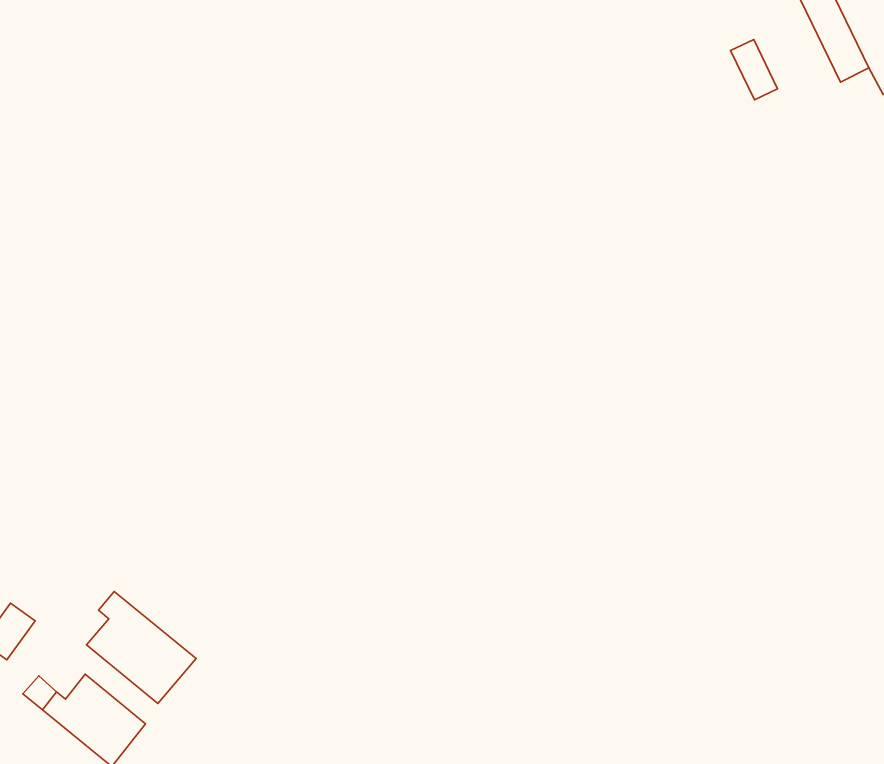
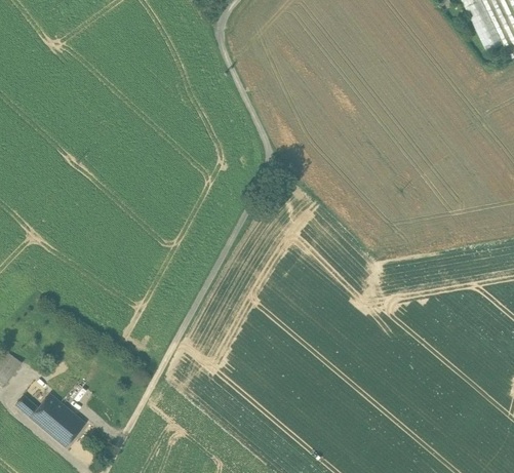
building: [731,40,778,100] -> none
building: [86,591,196,703] -> none

